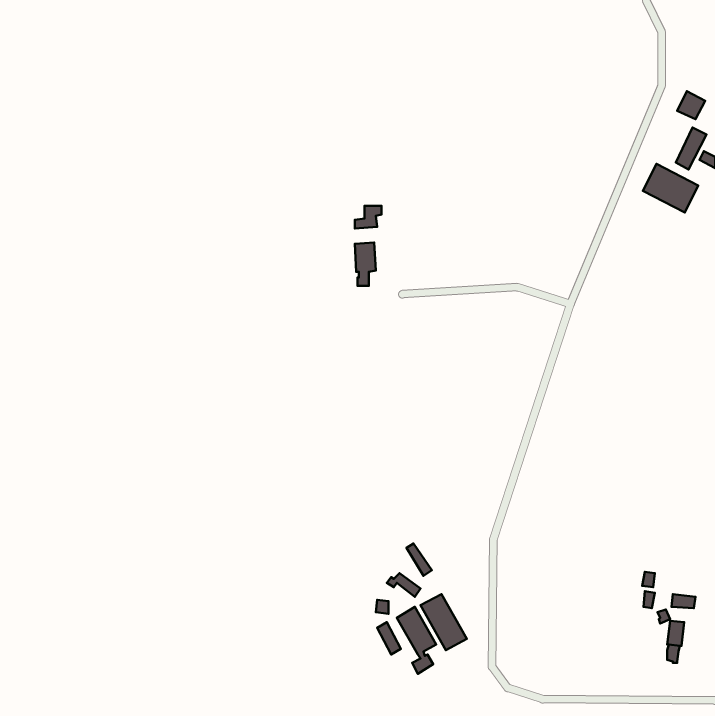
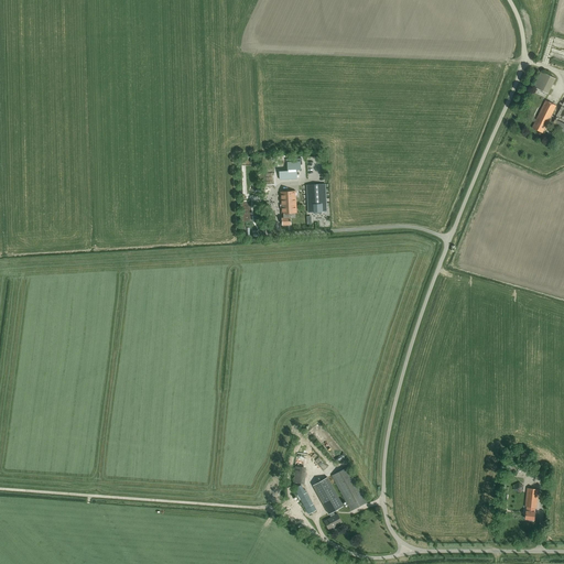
building: [643,164,698,212] -> none
building: none -> [305,184,325,214]

